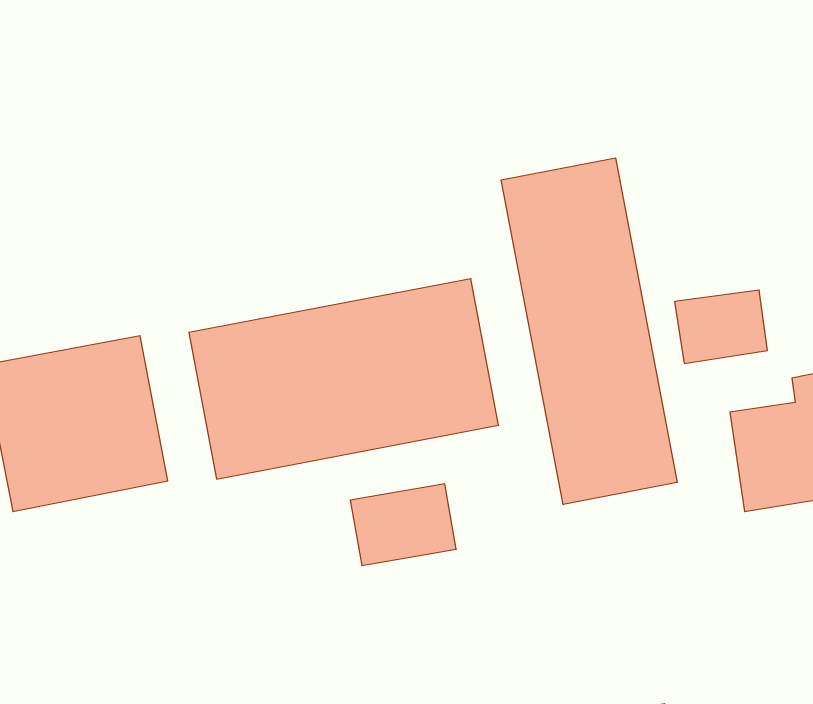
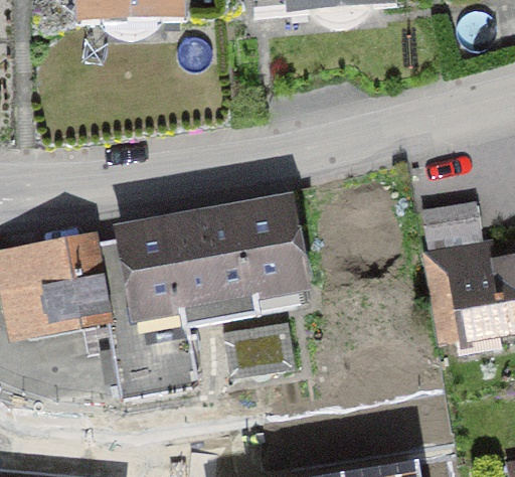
building: [501,158,677,505] -> none

